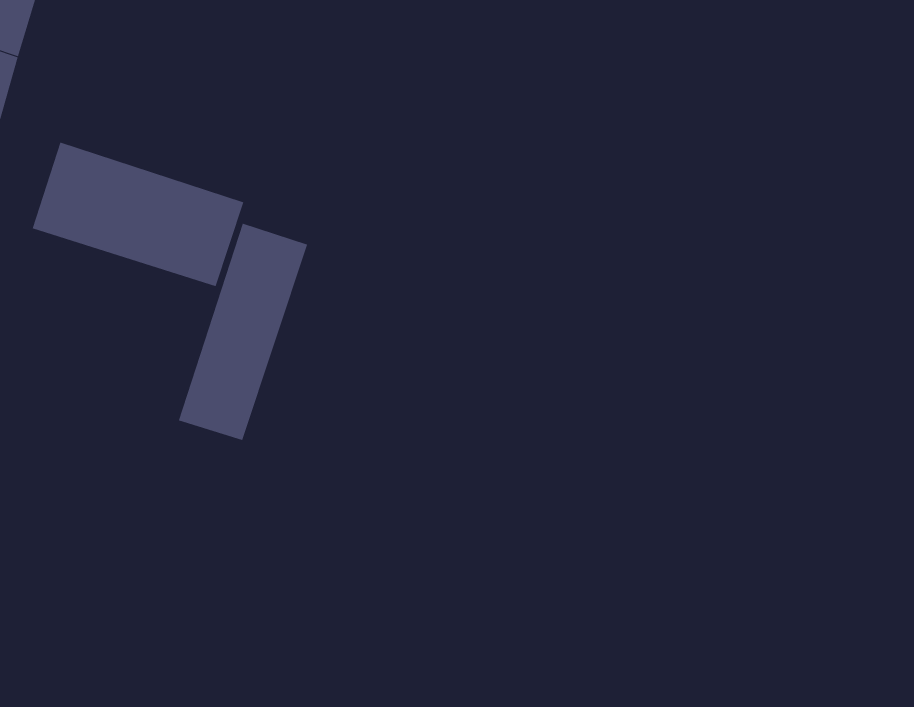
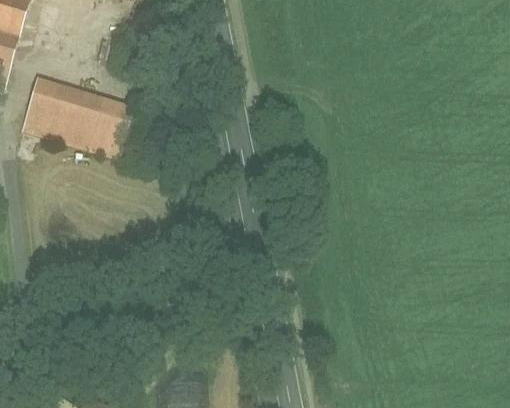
building: [178,223,308,441] -> none

